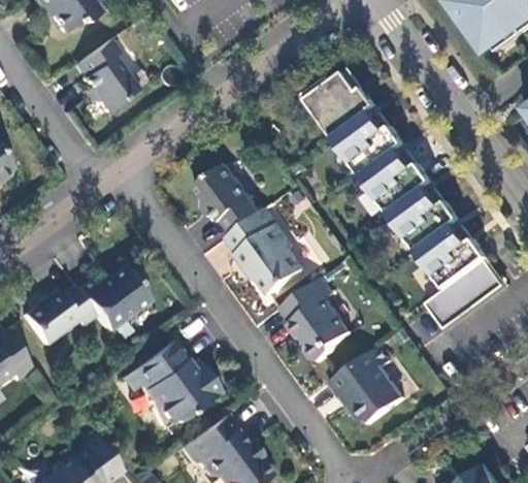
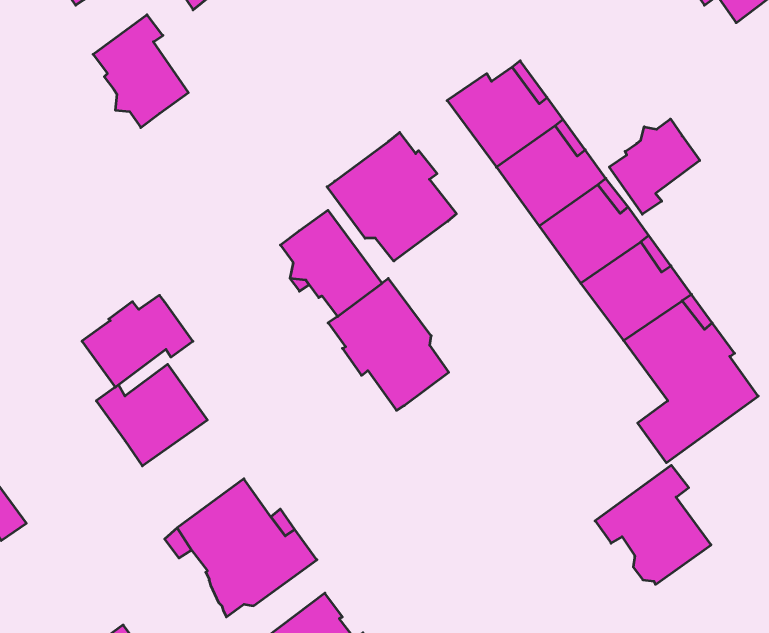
building: none -> [609,119,700,214]
building: none -> [327,132,456,261]
building: [280,279,352,363] -> none
building: [22,286,94,346] -> [82,295,193,387]
building: [329,348,404,425] -> [595,465,711,584]

